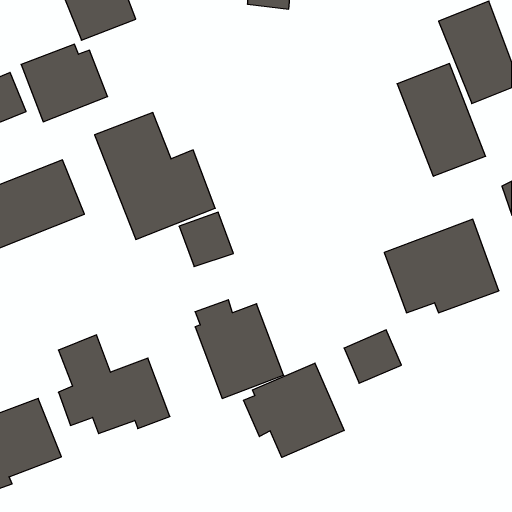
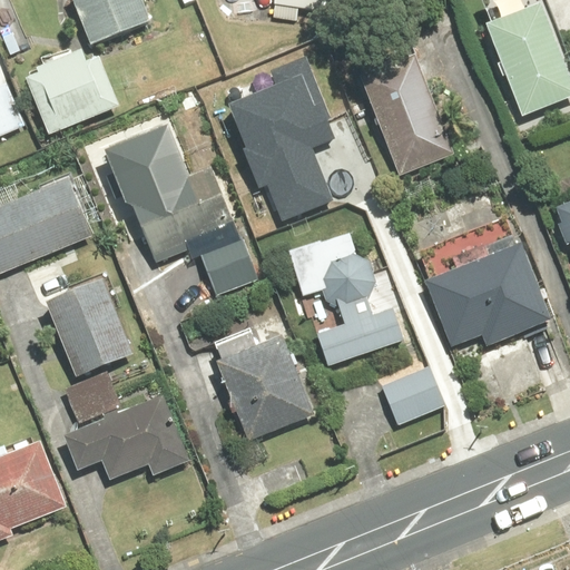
building: none -> [228,51,340,213]
building: [397,64,486,176] -> [358,53,456,178]
building: none -> [288,232,405,365]
building: none -> [46,279,132,376]
building: [243,363,344,457] -> none

